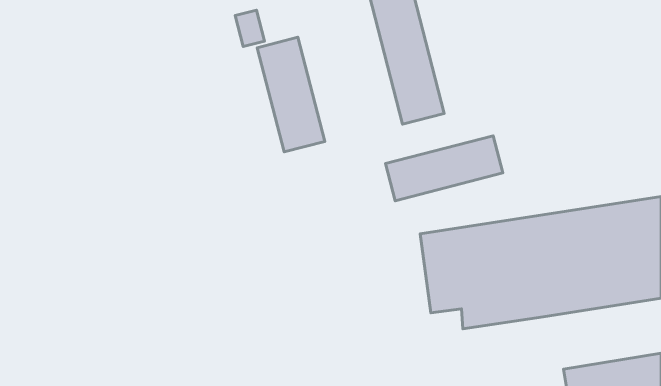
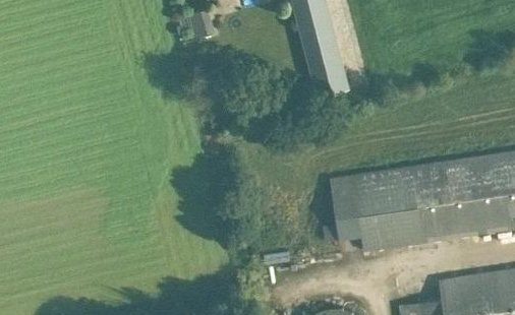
building: [257,37,325,152] -> none
building: [385,136,503,201] -> none

